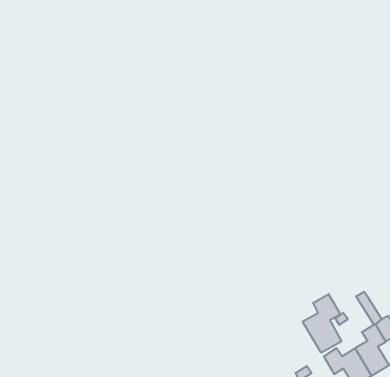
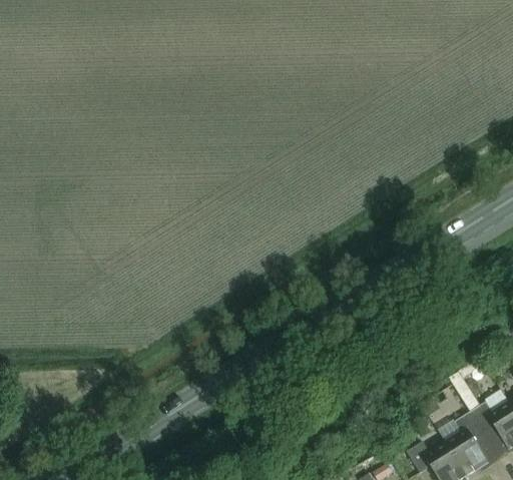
building: [303,294,341,353] -> none

